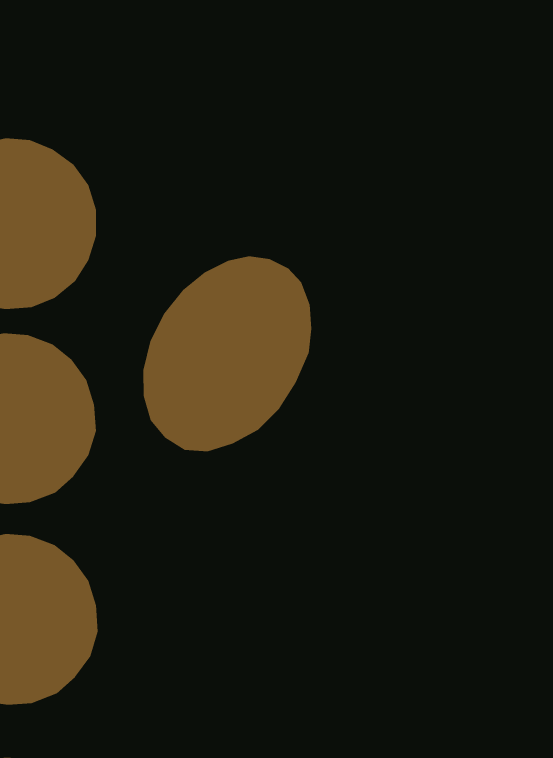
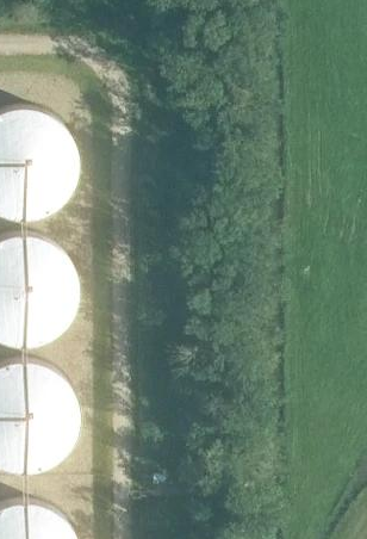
building: [143,256,312,452] -> none

